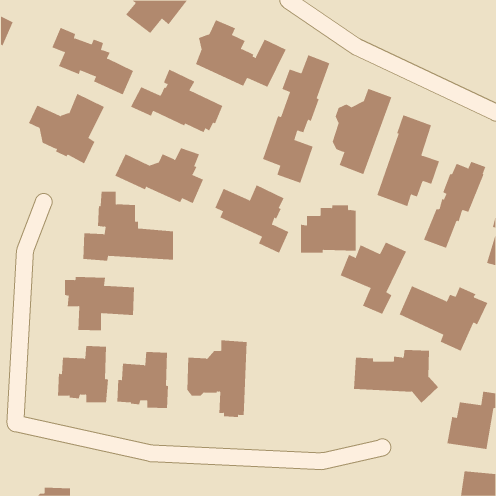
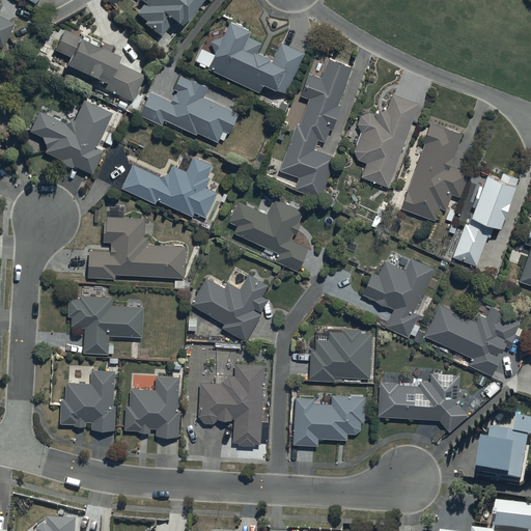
building: [300,205,357,253] -> [310,328,370,380]
building: none -> [192,274,269,341]
building: none -> [294,394,365,446]

